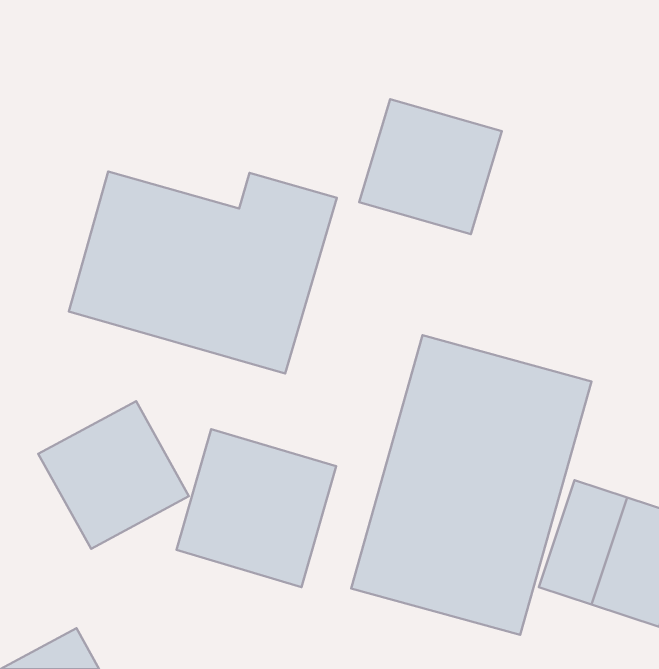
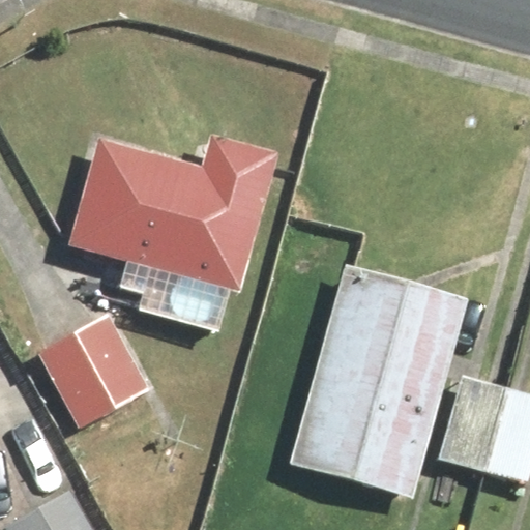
building: [359,99,502,234] -> none
building: [176,429,336,587] -> none

